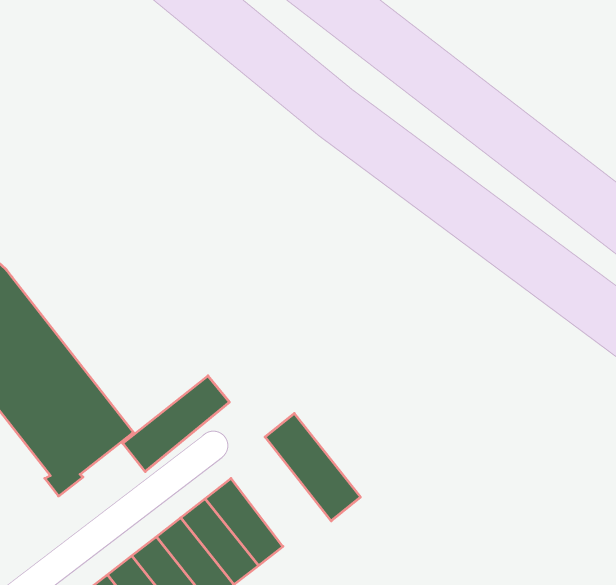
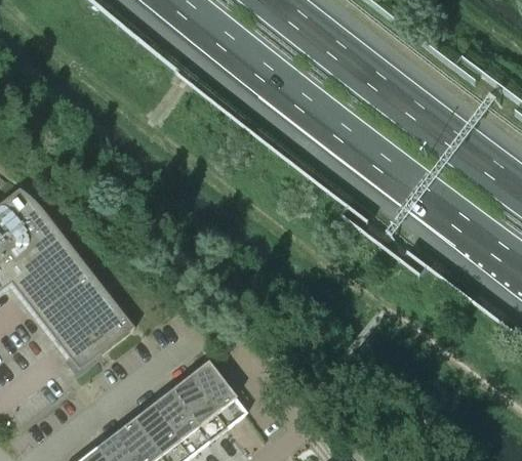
building: [123,376,229,472] -> none
building: [265,413,360,521] -> none

